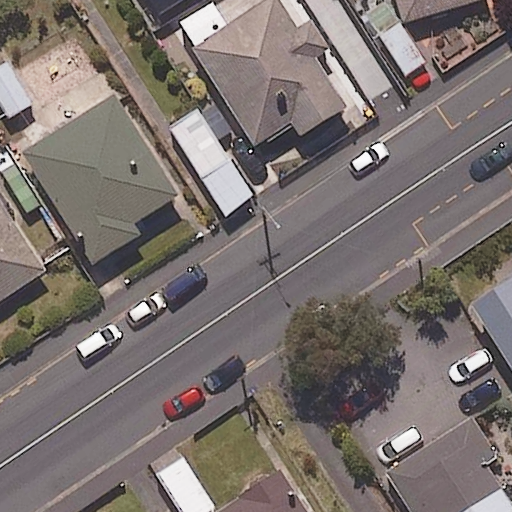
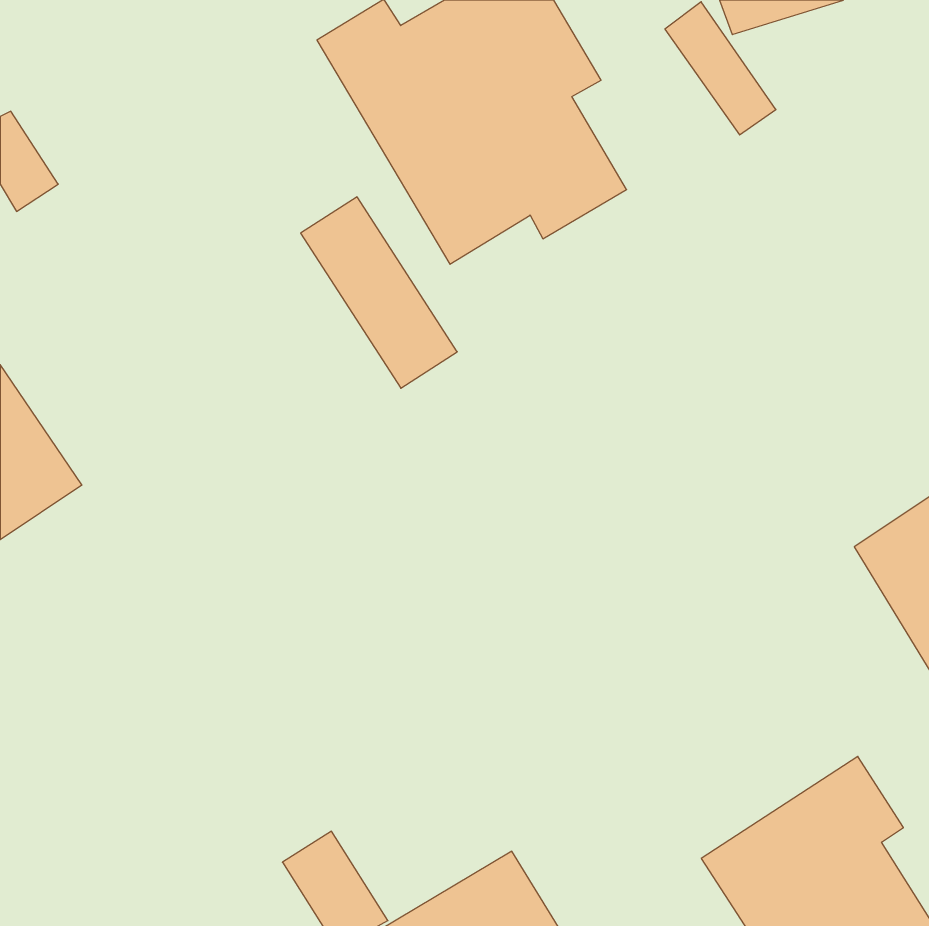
building: [22,95,177,264] -> none

